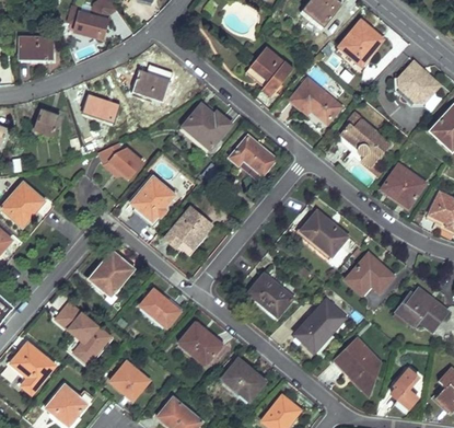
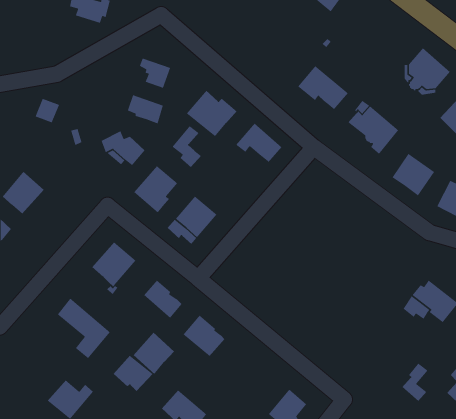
building: [338,21,382,65] -> none
building: [19,37,53,59] -> none
building: [251,46,293,96] -> none
building: [83,94,119,124] -> [127,94,164,124]
building: none -> [171,125,202,168]
building: [300,211,347,255] -> none
building: [345,253,394,293] -> none
building: [248,273,292,315] -> none
building: [295,300,345,349] -> none
building: [335,338,377,385] -> none
building: none -> [133,332,175,375]
building: [11,343,54,392] -> none
building: [222,360,265,400] -> none

